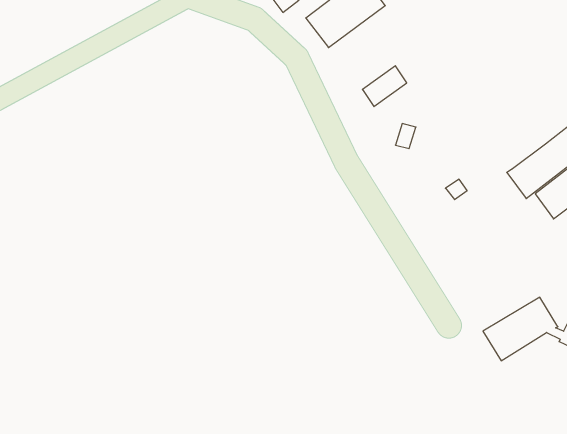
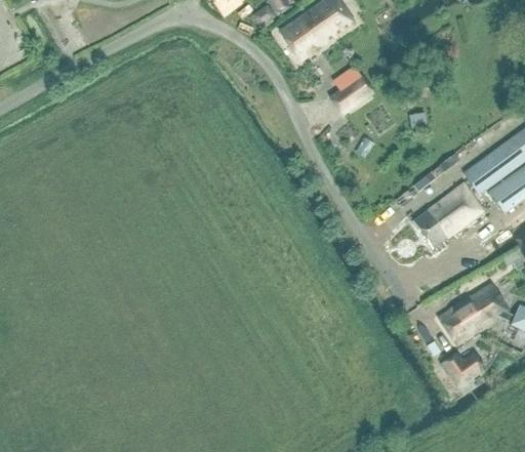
building: none -> [413,181,484,247]
building: none -> [443,352,486,384]

